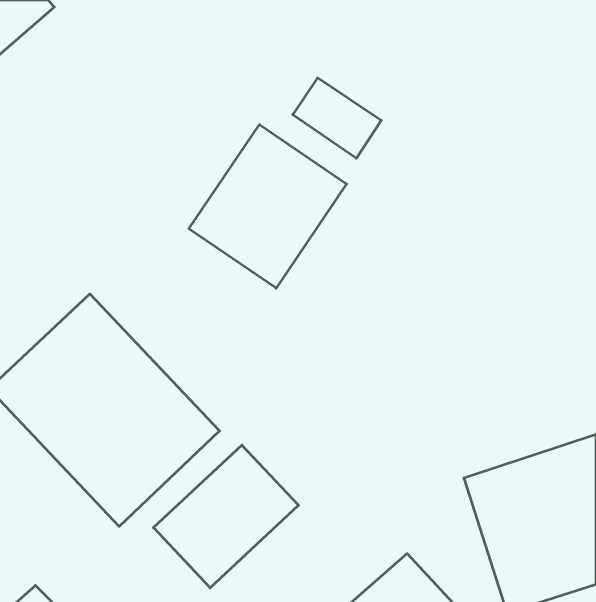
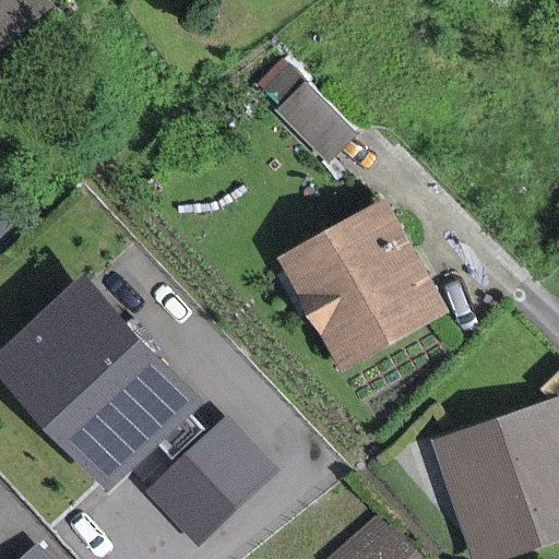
building: [189,125,347,288] -> none
building: none -> [280,203,442,368]

